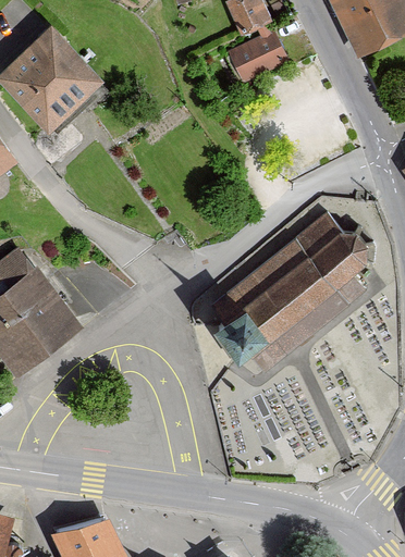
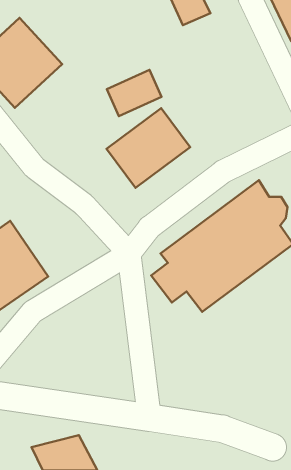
building: [234,30,298,85] -> [107,70,161,116]
building: none -> [107,108,190,188]

